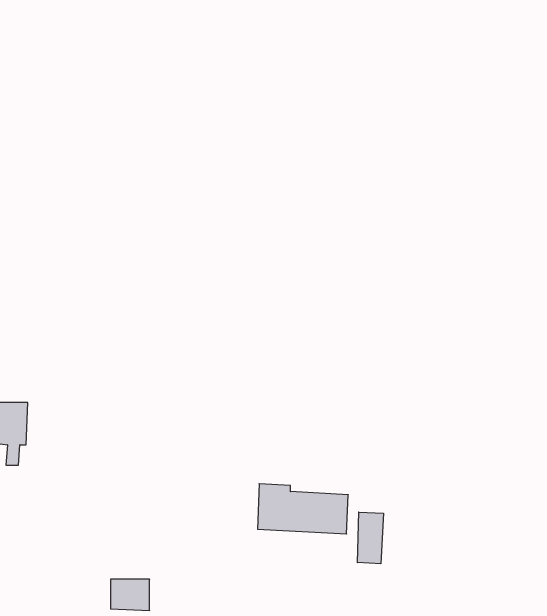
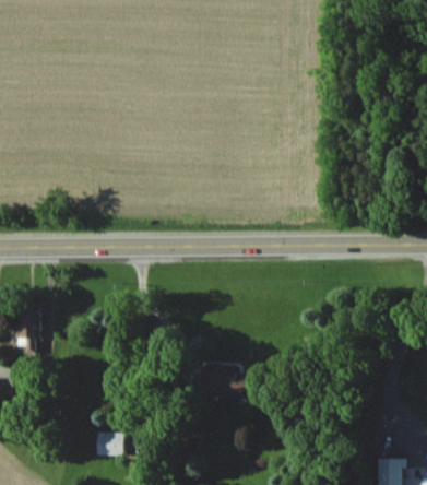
building: [357,512,383,564] -> none

